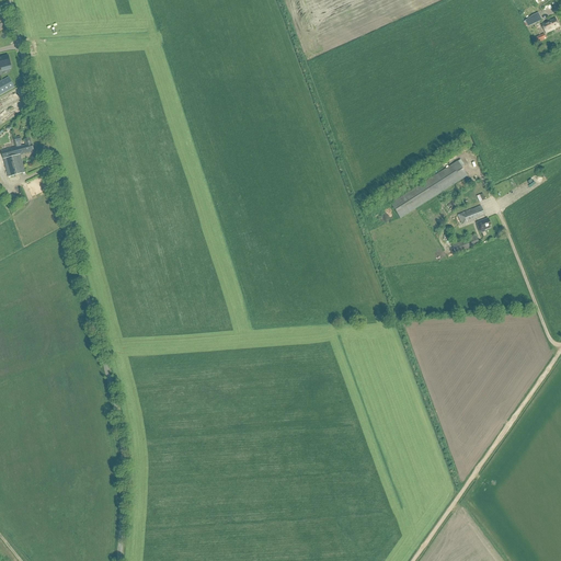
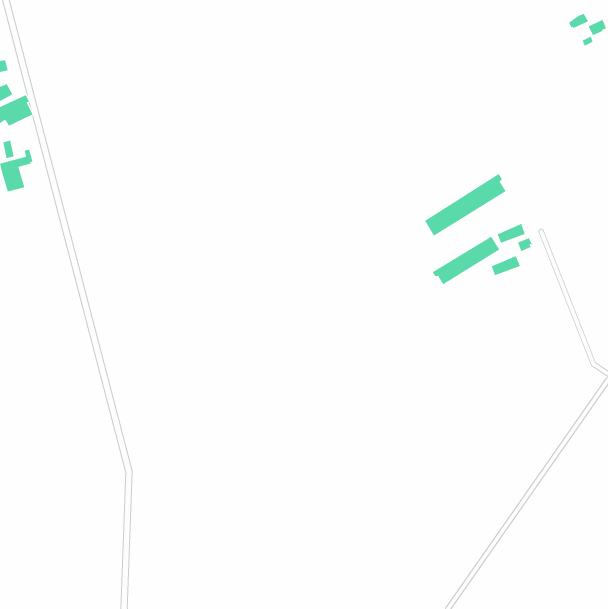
building: none -> [432,236,500,285]

